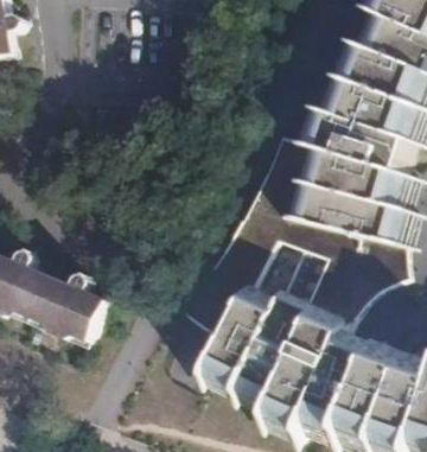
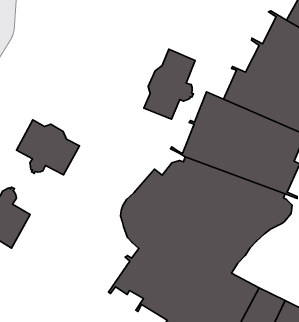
building: none -> [144,49,195,119]
building: none -> [16,120,79,175]

